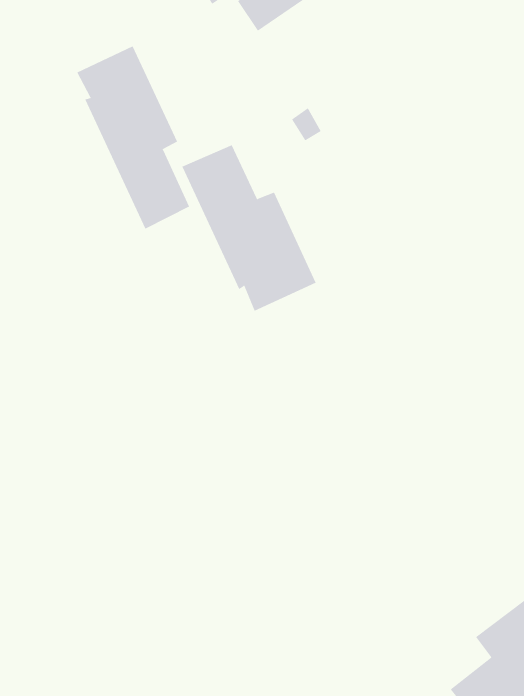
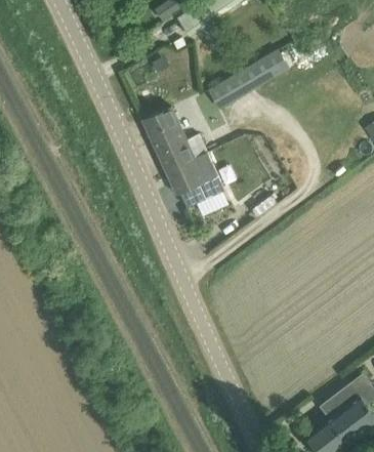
building: none -> [235,44,299,88]
building: [76,45,190,229] -> none

